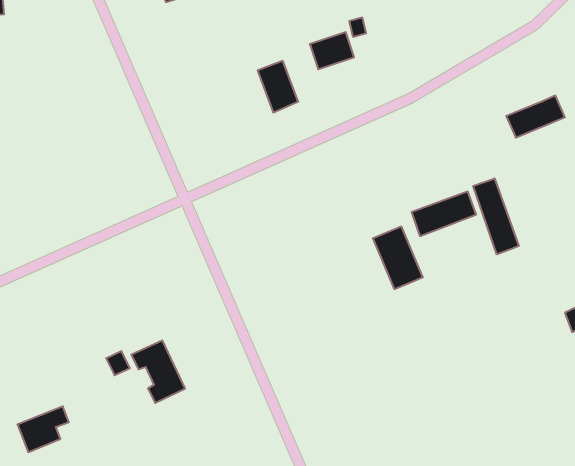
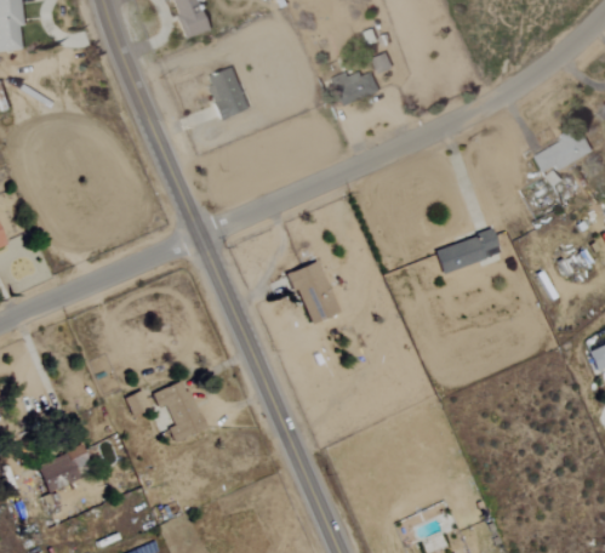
building: [258,61,298,112] -> [206,68,247,120]
building: [473,178,519,254] -> none
building: [373,227,423,289] -> [290,261,341,324]

